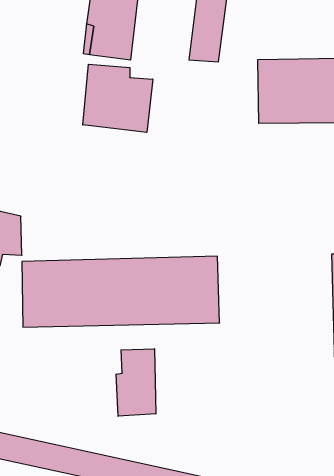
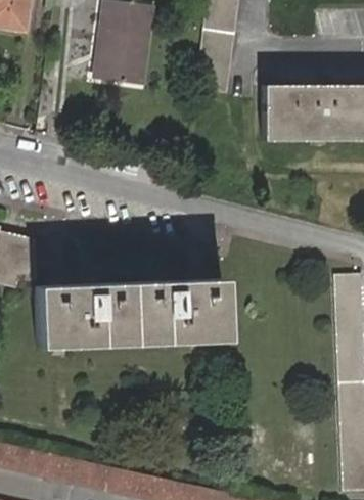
building: [83,64,153,132] -> none
building: [116,349,156,416] -> none

